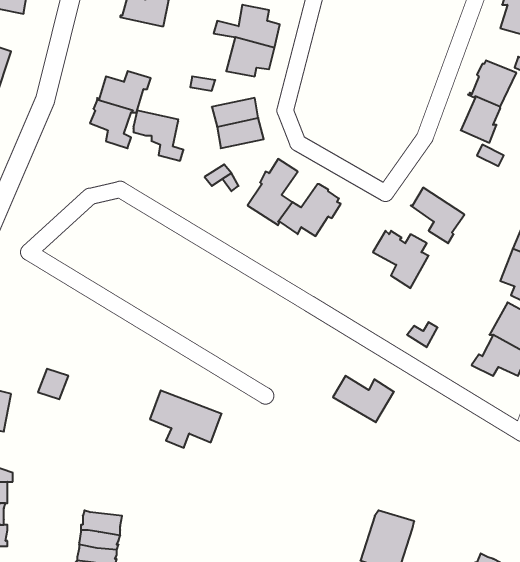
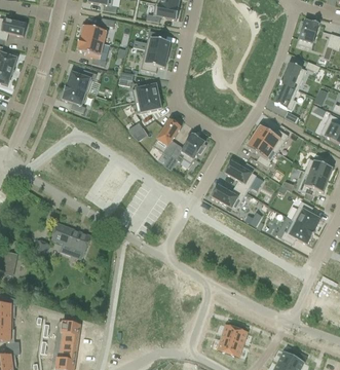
building: [133,110,184,161] -> [77,38,106,67]
building: none -> [253,124,288,152]
building: [333,376,394,422] -> [211,184,245,211]
building: [150,390,222,448] -> [50,222,91,255]

